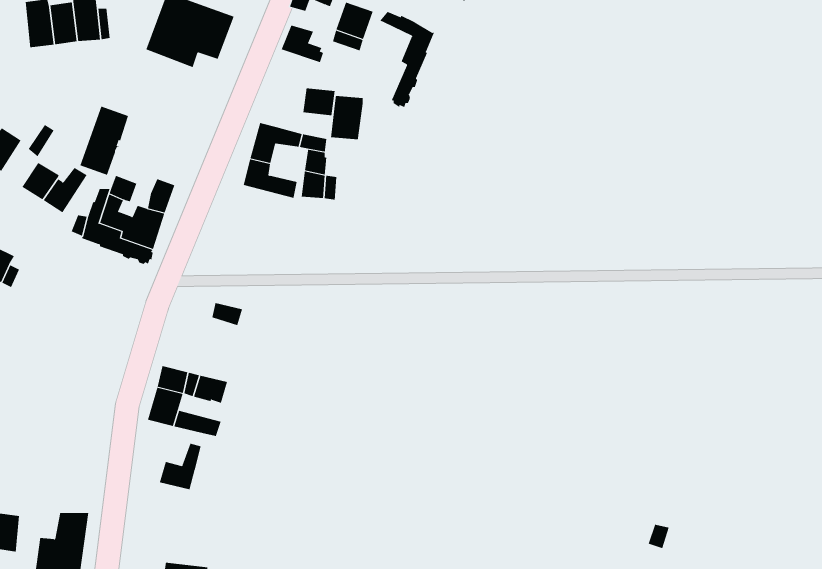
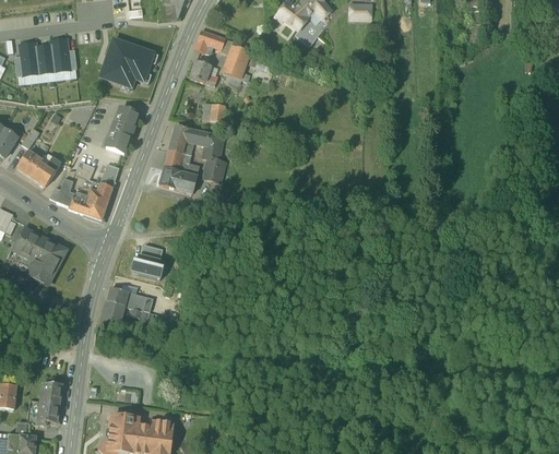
building: [379,11,435,108] -> none
building: [331,95,363,140] -> none
building: [79,106,129,175] -> [106,106,139,152]
building: none -> [158,166,198,192]
building: none -> [15,229,60,284]
building: none -> [131,252,164,277]
building: [159,443,201,490] -> none

